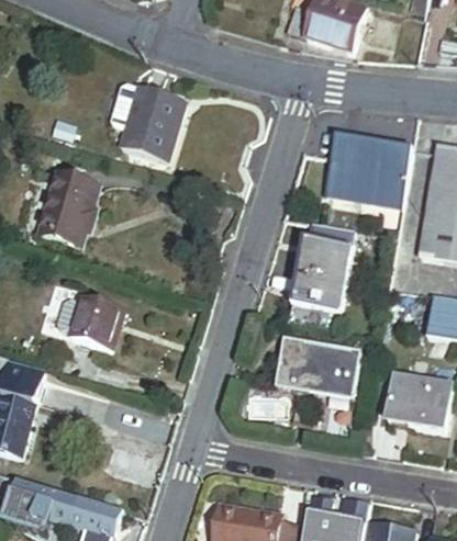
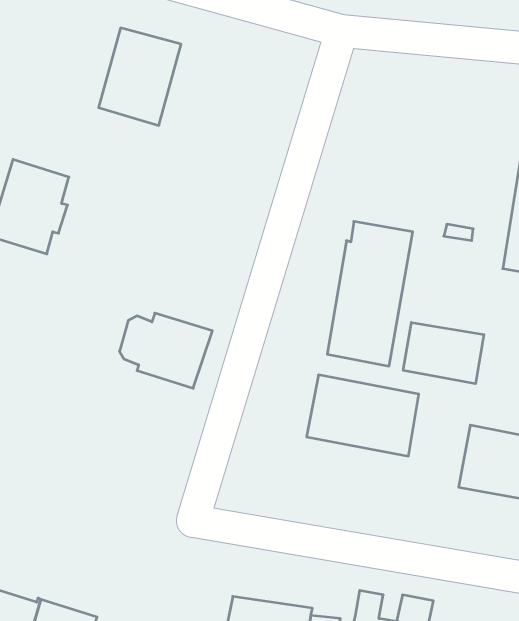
building: [325,133,412,206] -> none
building: none -> [403,322,484,384]
building: [52,298,121,354] -> [119,313,212,388]

